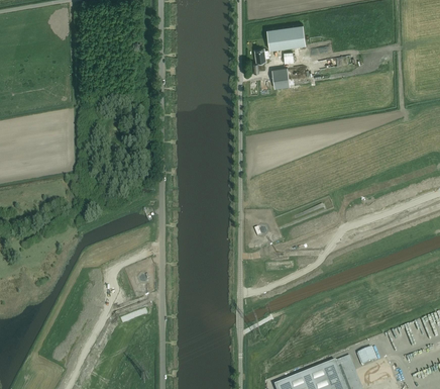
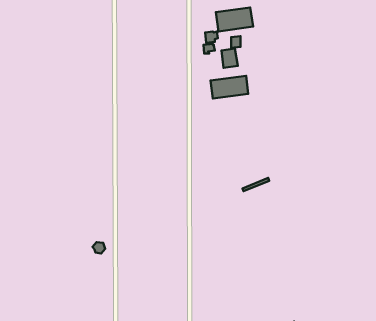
building: none -> [211,76,248,98]

